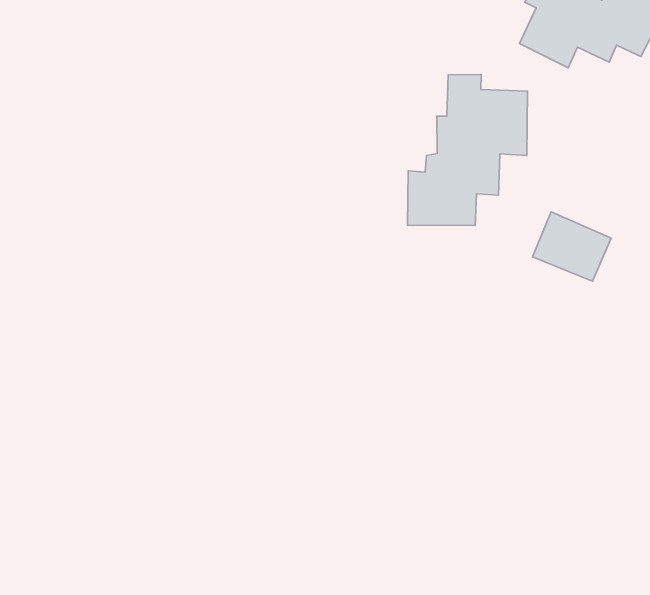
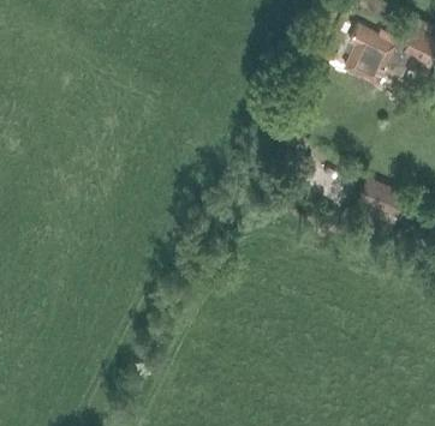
building: [408,75,528,225] -> none

